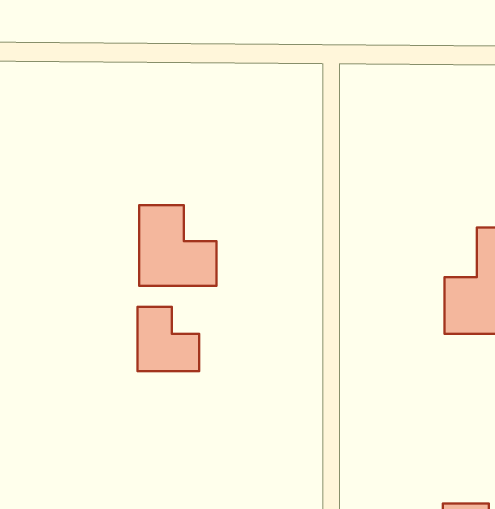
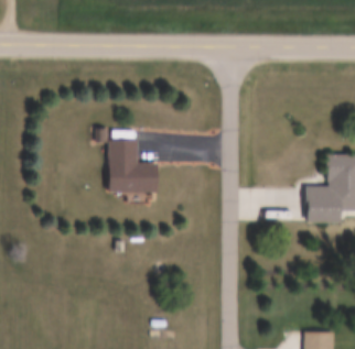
building: [138,307,199,371] -> none

